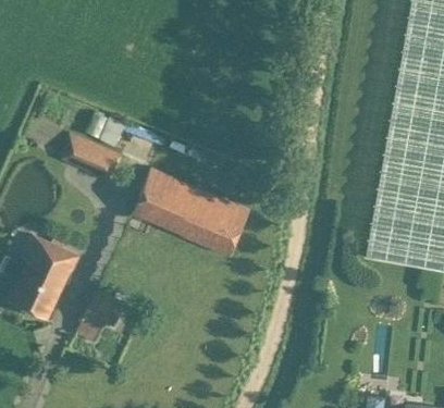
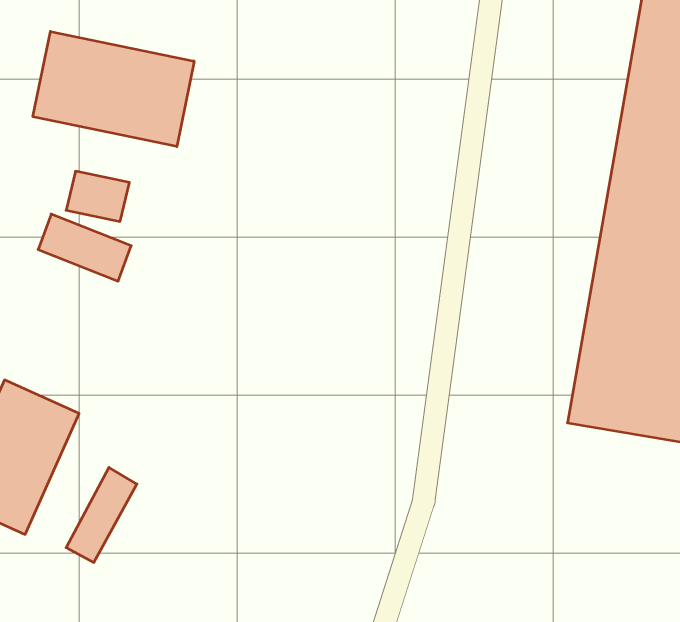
building: none -> [33,31,194,147]
building: [134,172,239,245] -> none

